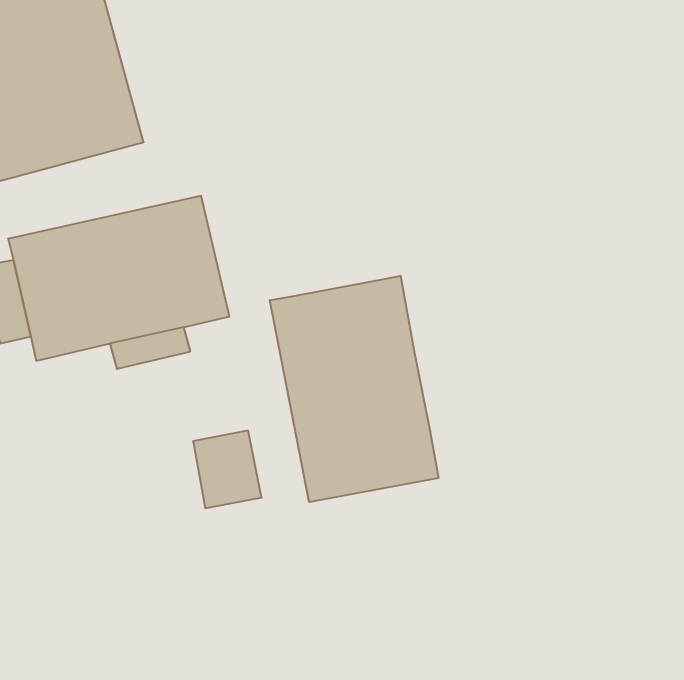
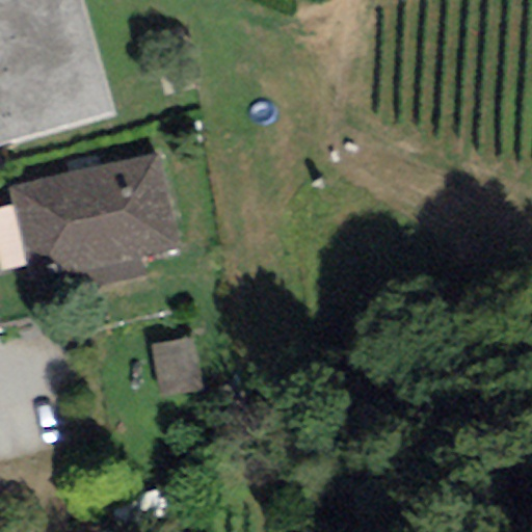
building: [270,276,439,502] -> none

